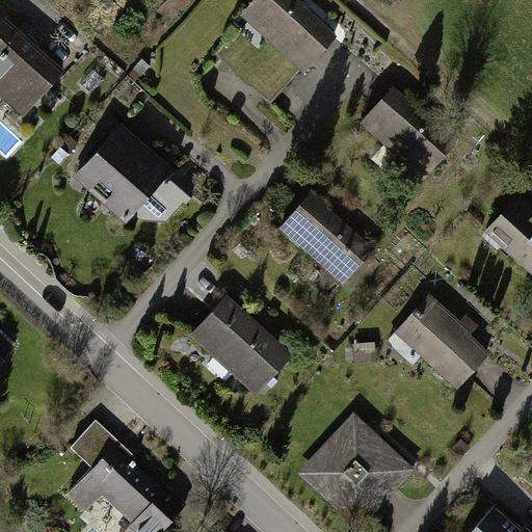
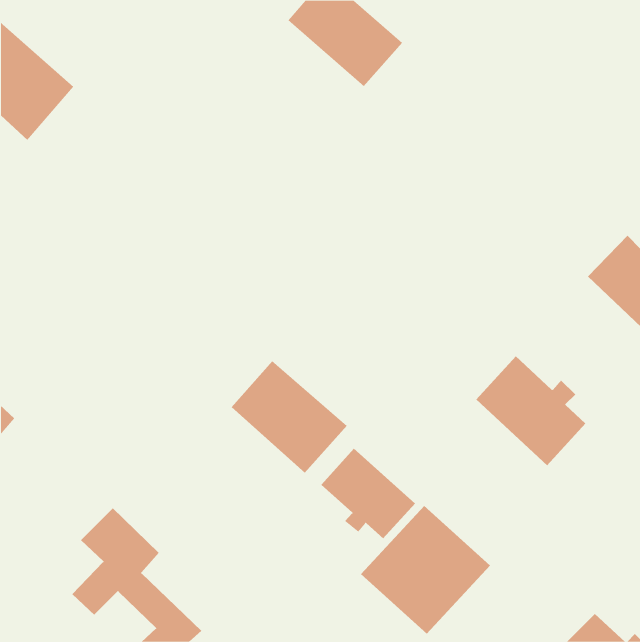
building: [363,88,455,177] -> none
building: [75,125,182,220] -> none
building: [281,193,374,284] -> none
building: none -> [320,448,416,539]

